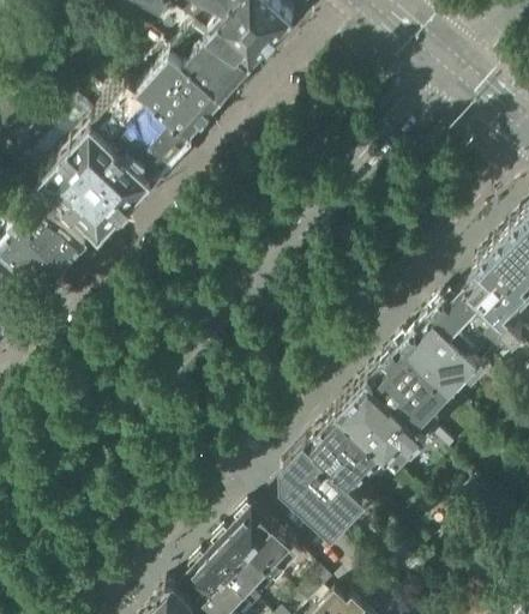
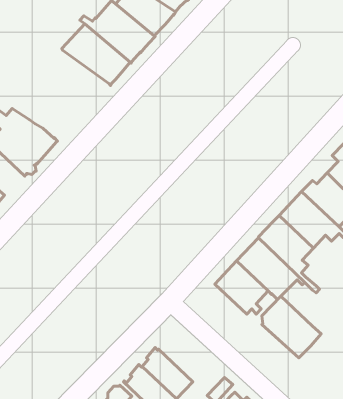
building: [25,112,157,236] -> none
building: [279,450,362,536] -> [262,296,321,358]
building: [227,514,299,586] -> none

